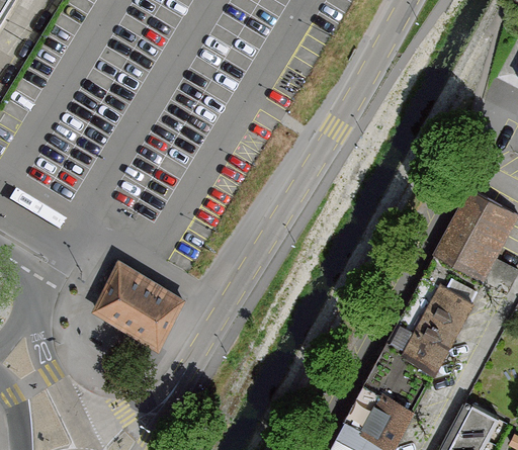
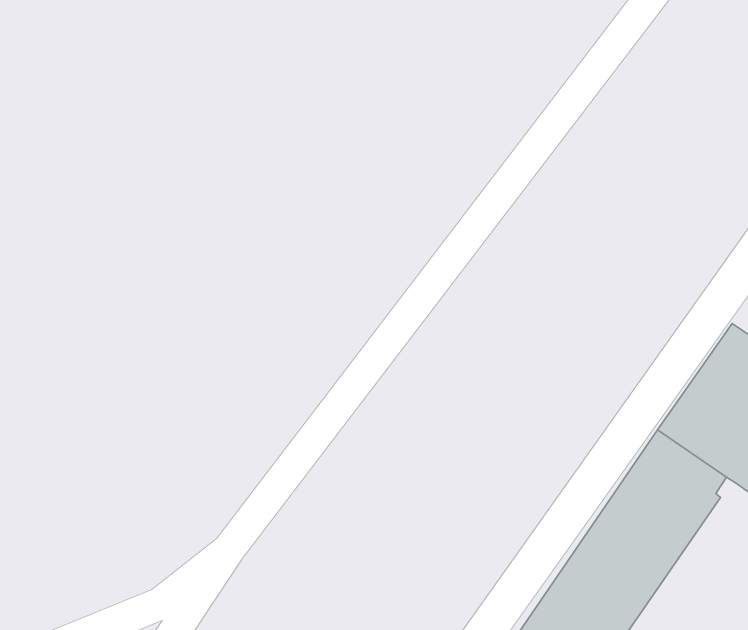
building: [94,263,183,352] -> none

